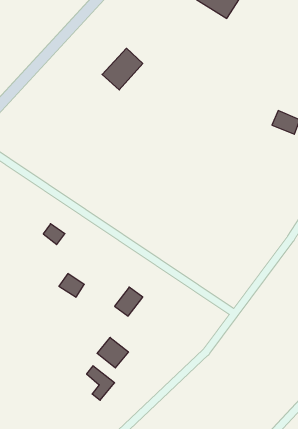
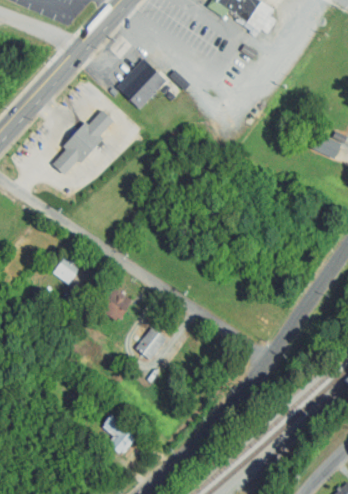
building: none -> [54,110,115,174]
building: [59,274,84,297] -> [102,291,130,317]
building: [97,337,128,368] -> none

